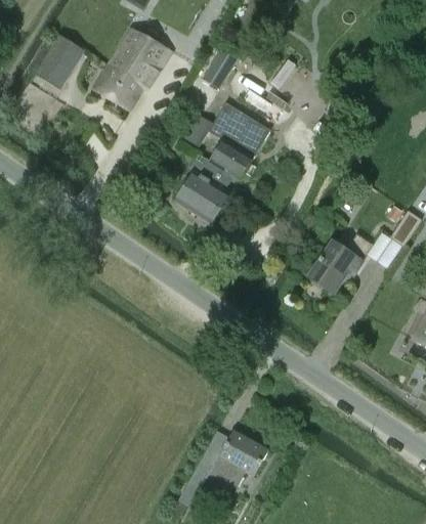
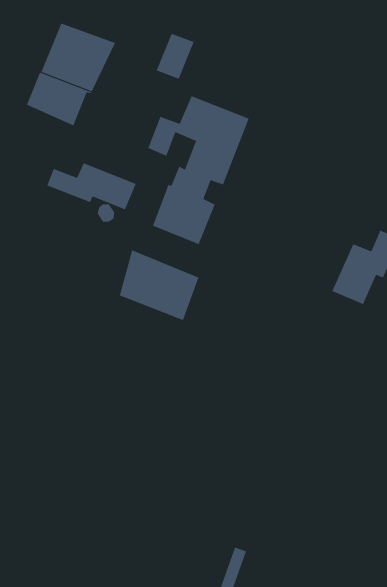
building: none -> [46,163,137,210]
building: none -> [119,250,199,321]
building: [211,429,268,484] -> none

